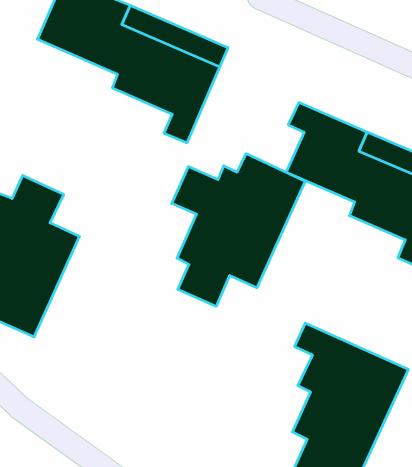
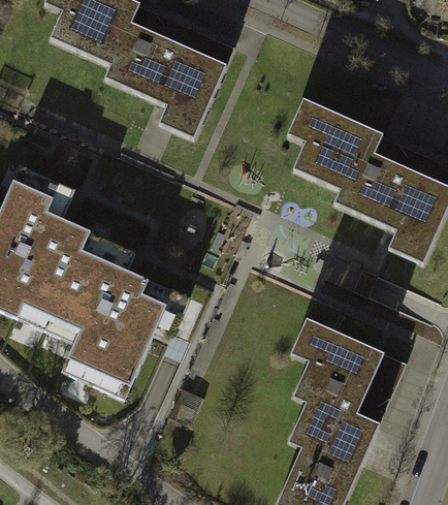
building: [172,154,305,306] -> none
building: none -> [41,232,186,400]

